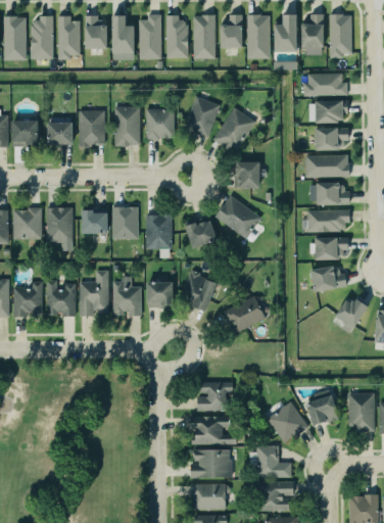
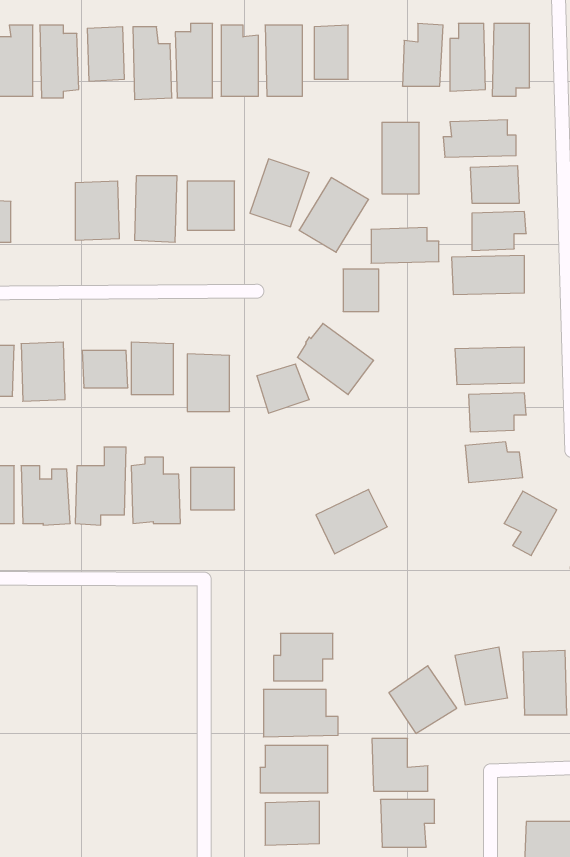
building: [246,15,269,58] -> [382,122,419,194]
building: [48,123,74,145] -> none
building: [309,183,350,204] -> [371,228,439,263]
building: [179,272,219,312] -> none

